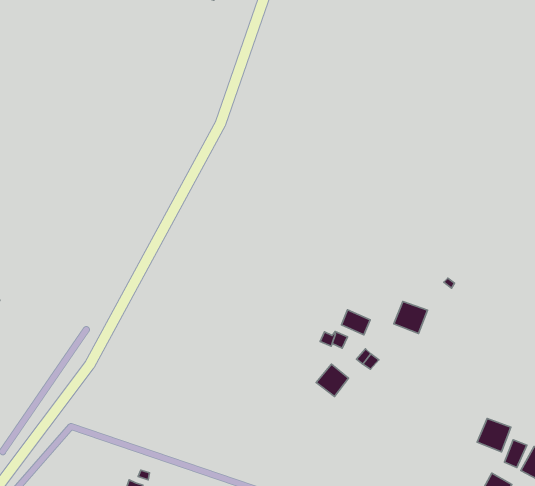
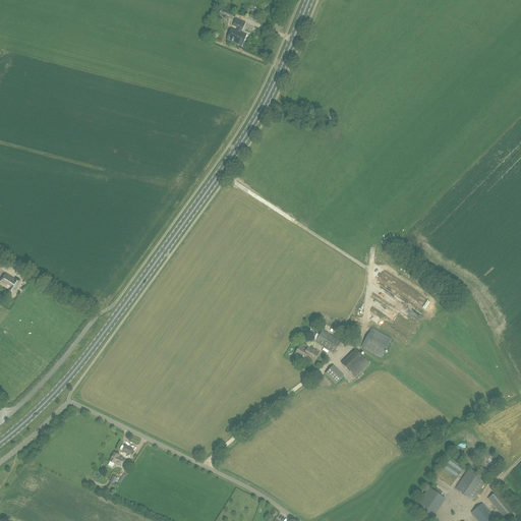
building: [316,364,349,396] -> [340,347,368,375]
building: [477,418,511,452] -> none

